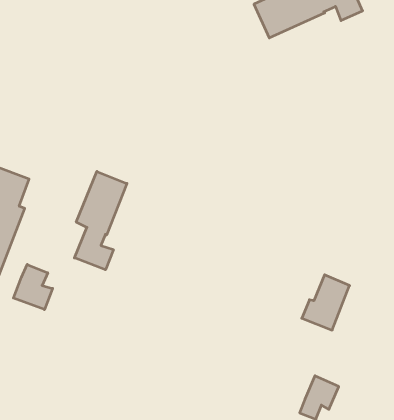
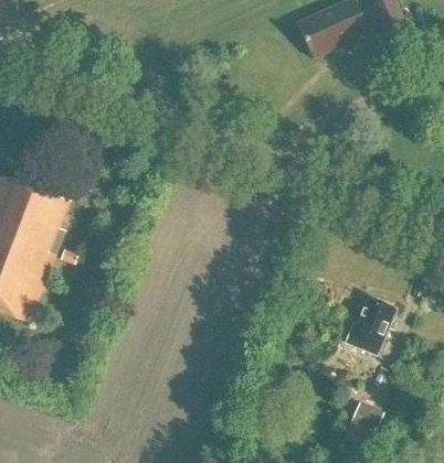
building: [74,171,127,270] -> none
building: [13,264,53,310] -> none

